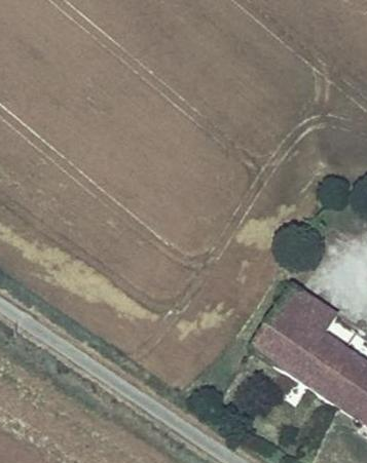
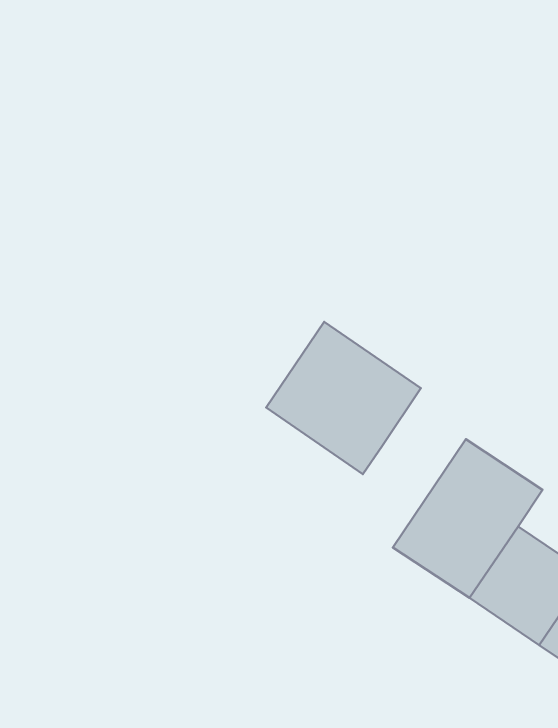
building: none -> [266,322,421,474]

